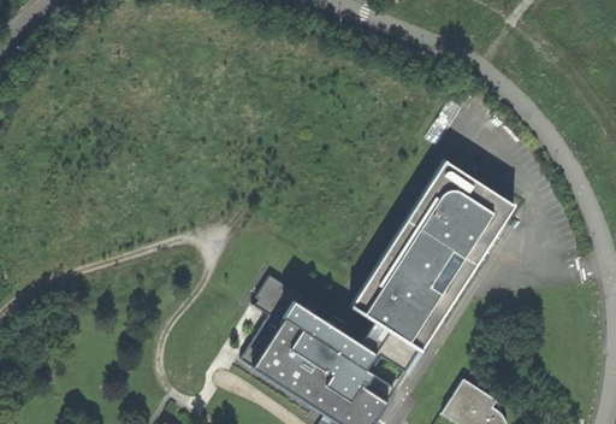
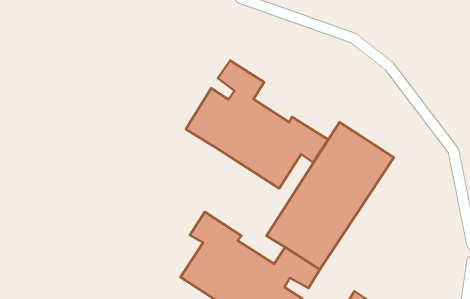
building: none -> [186,60,328,188]

